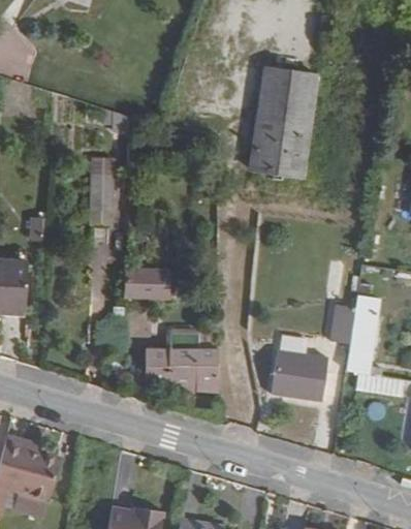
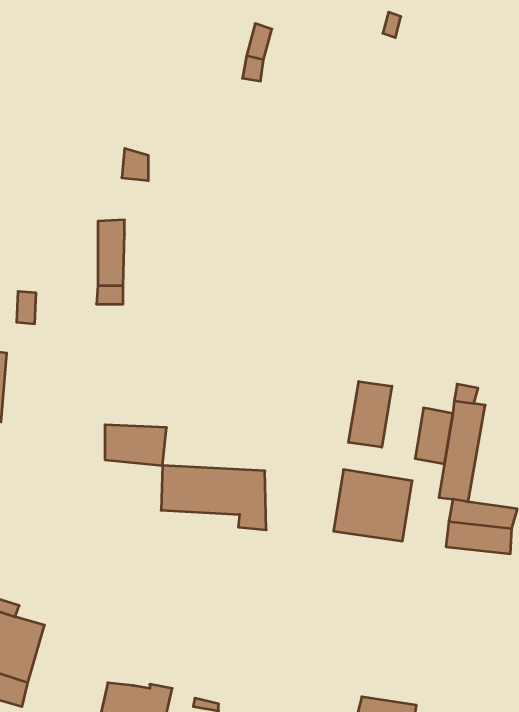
building: [253,66,320,179] -> none
building: [126,274,171,304] -> [105,425,167,465]
building: none -> [349,381,392,447]

